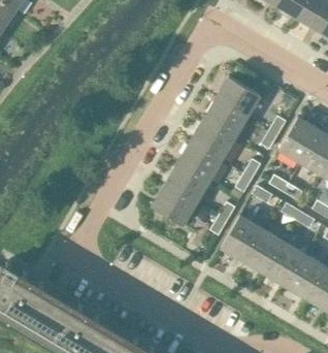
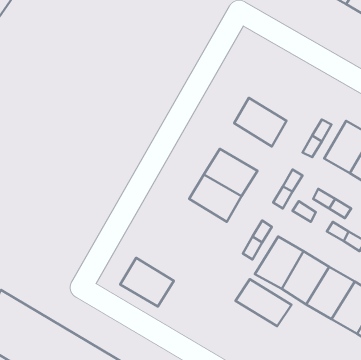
building: [215,77,260,119] -> none
building: [190,121,234,161] -> none
building: [151,185,196,226] -> [120,258,174,306]
building: none -> [236,279,291,326]

